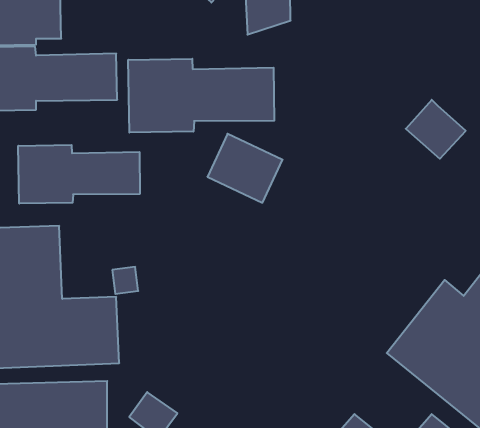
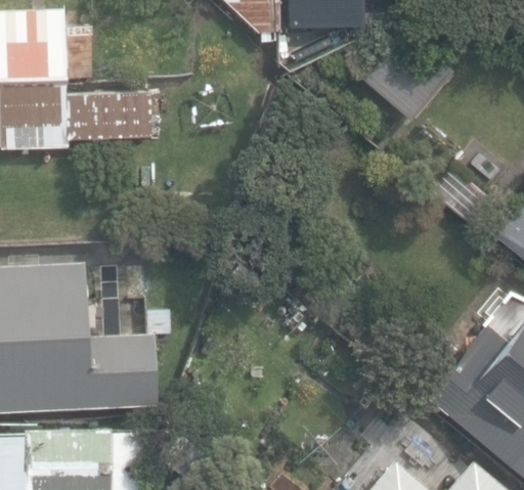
building: [128,59,274,133] -> none
building: [18,145,140,204] -> none

